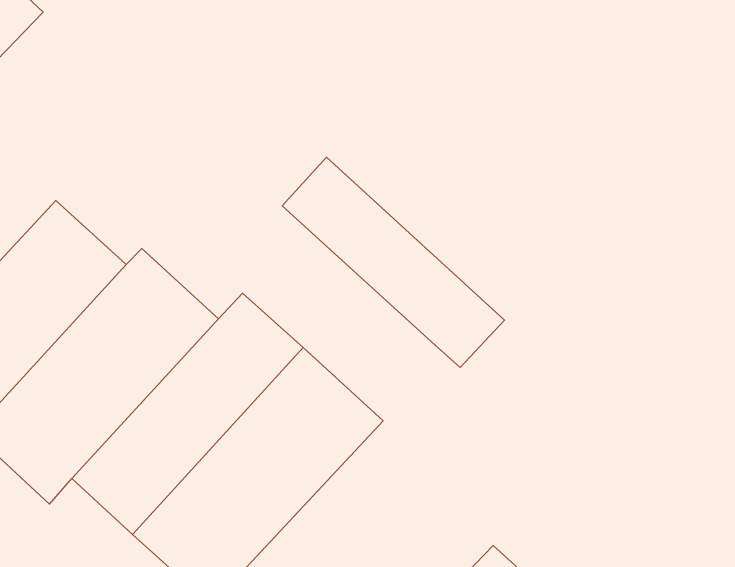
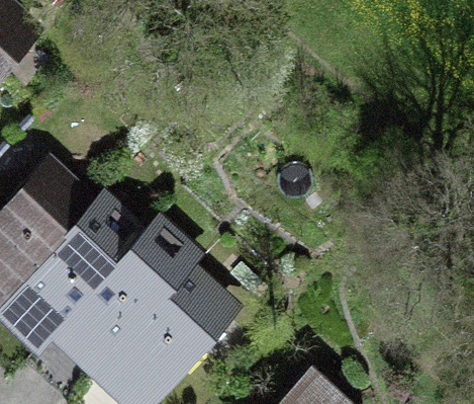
building: [282,157,504,367] -> none

